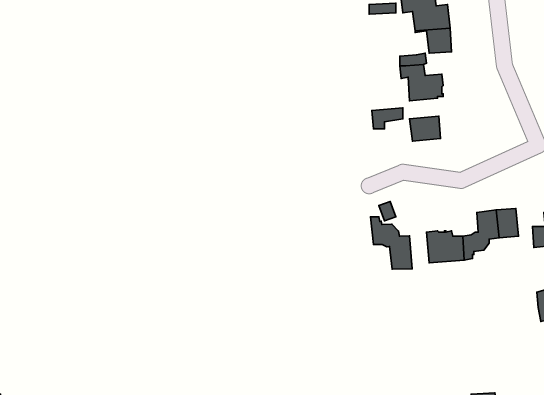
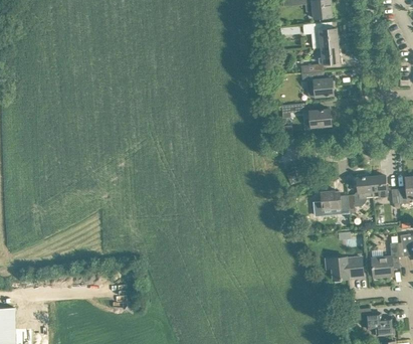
building: [370,217,412,269] -> none
building: none -> [372,235,400,277]
building: none -> [327,256,364,280]

